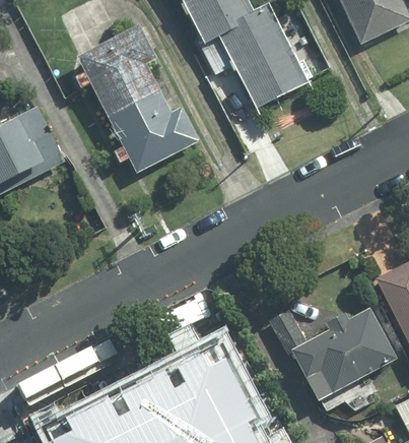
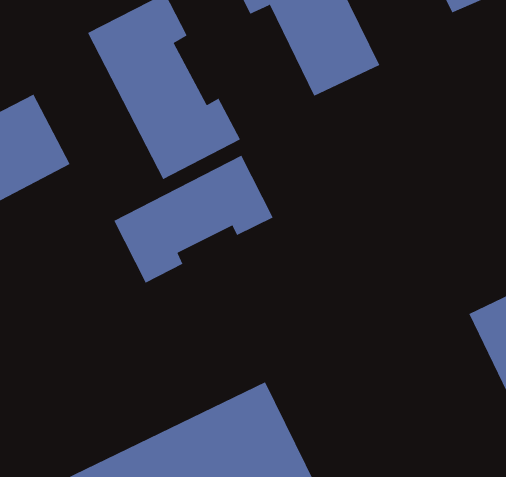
building: none -> [114,155,274,283]
building: [293,310,396,399] -> none

